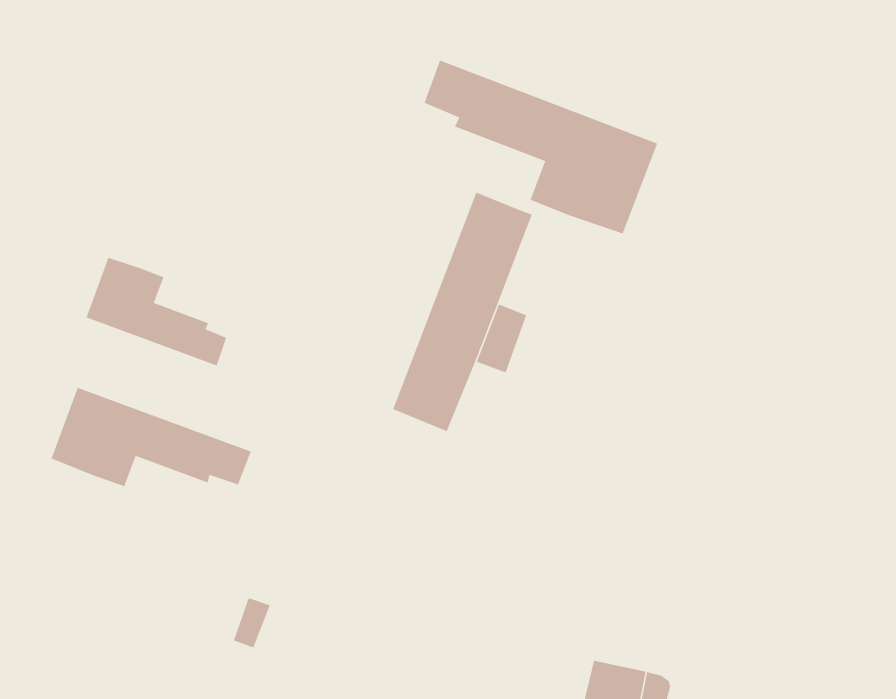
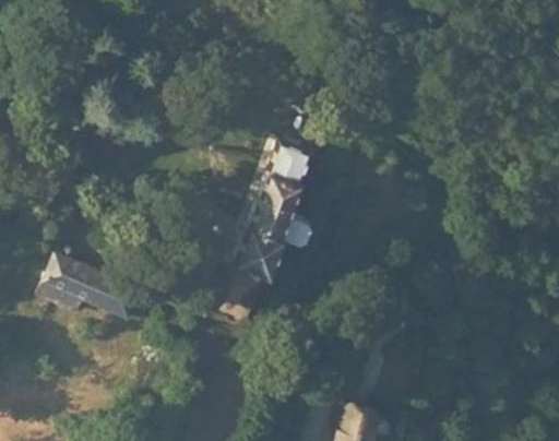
building: [424,59,658,235] -> none
building: [85,257,227,367] -> none

